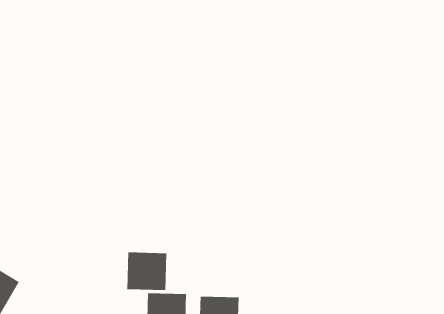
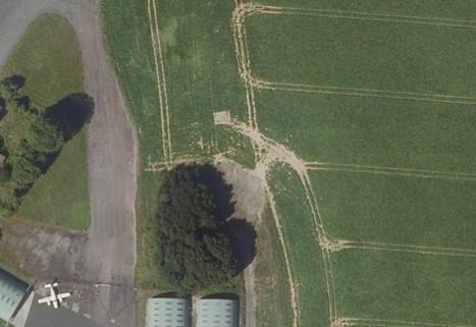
building: [126,252,167,291] -> none

